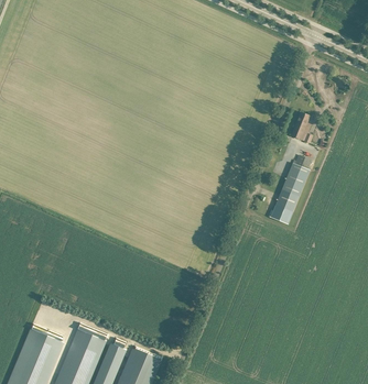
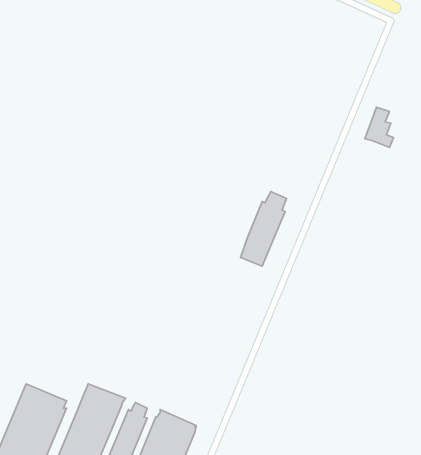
building: [275,155,311,212] -> [240,191,287,266]

